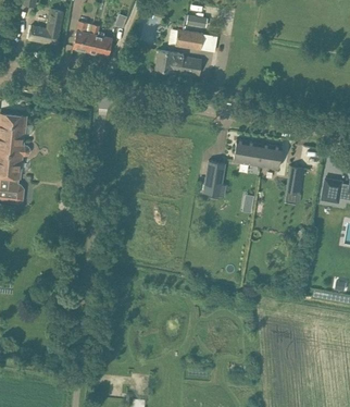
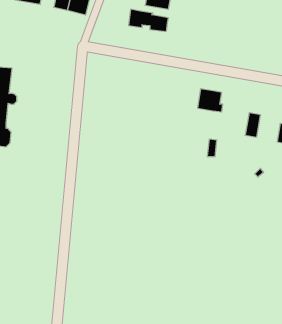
building: [258,144,282,169] -> none
building: [203,161,225,197] -> none

